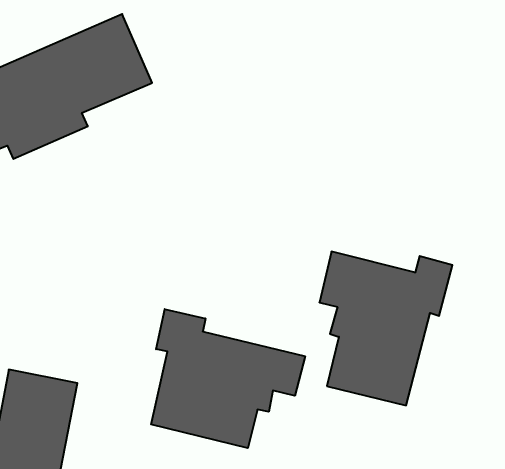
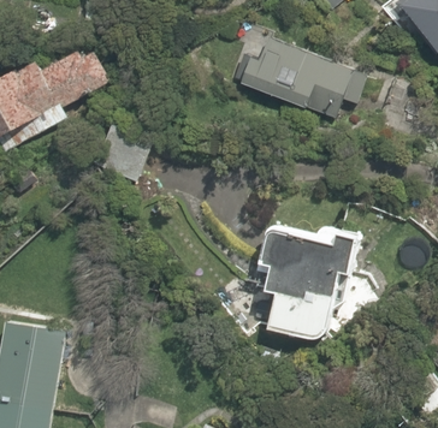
building: none -> [233,37,365,119]
building: [151,309,305,448] -> none

